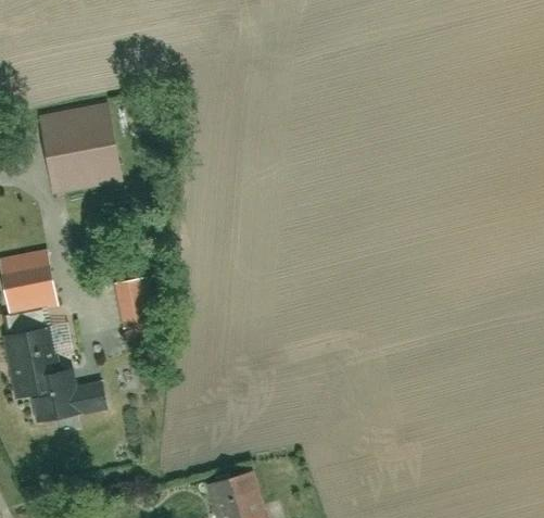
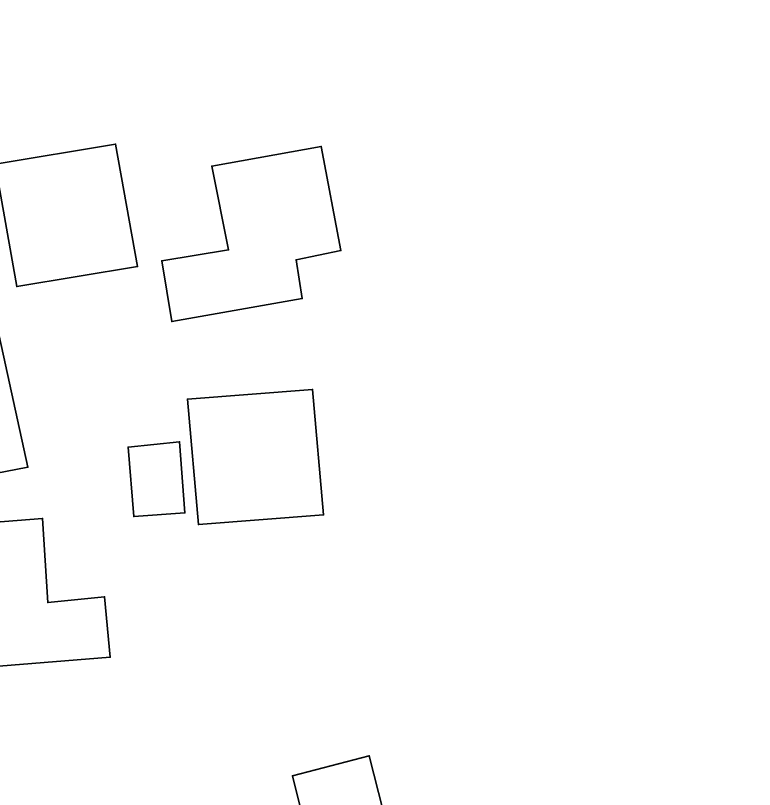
building: none -> [162,146,341,321]
building: none -> [188,389,324,524]

